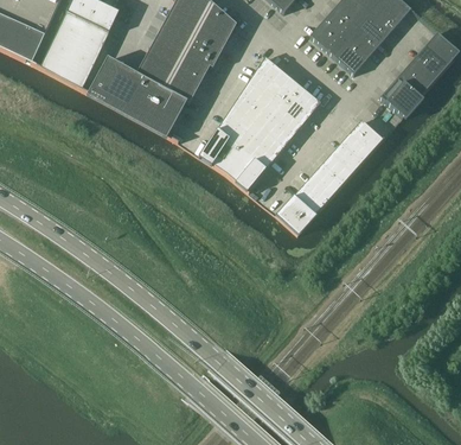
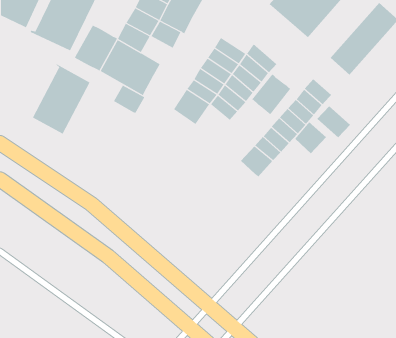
building: [255,56,293,90] -> none
building: [164,70,200,103] -> [113,85,145,114]
building: none -> [32,64,94,134]
building: none -> [252,74,291,115]
building: [226,148,265,191] -> none
building: none -> [316,105,351,138]
building: none -> [294,121,327,154]

